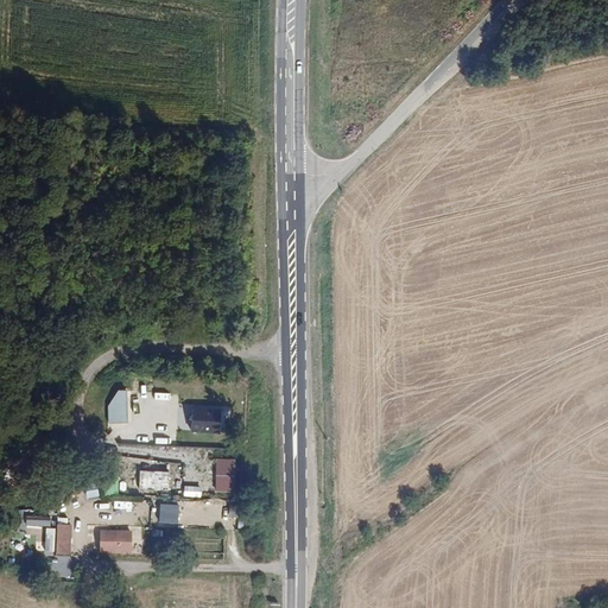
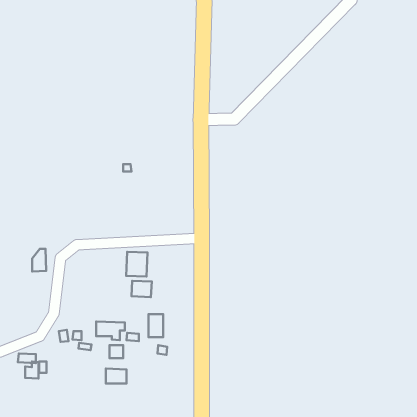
building: none -> [126,252,147,277]
building: [108,390,128,423] -> [32,249,46,272]
building: [101,531,131,552] -> [106,369,126,383]

